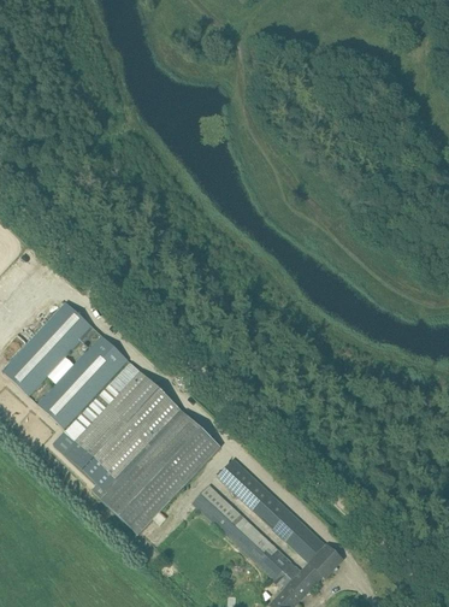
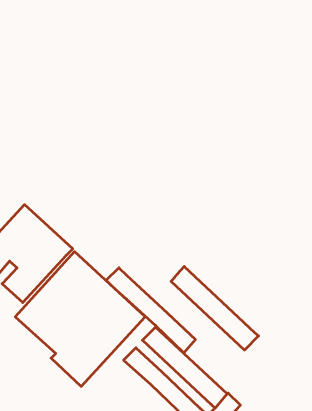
building: none -> [171,266,259,350]
building: none -> [106,268,195,353]

